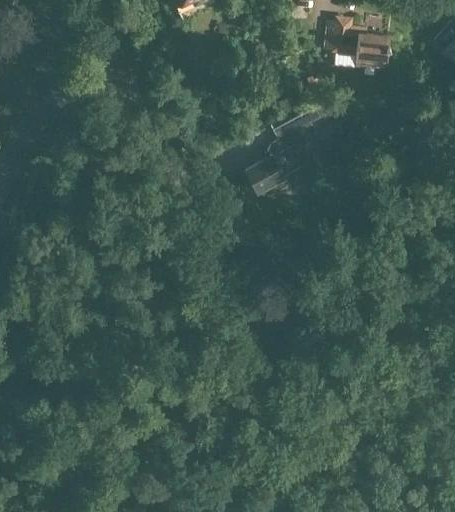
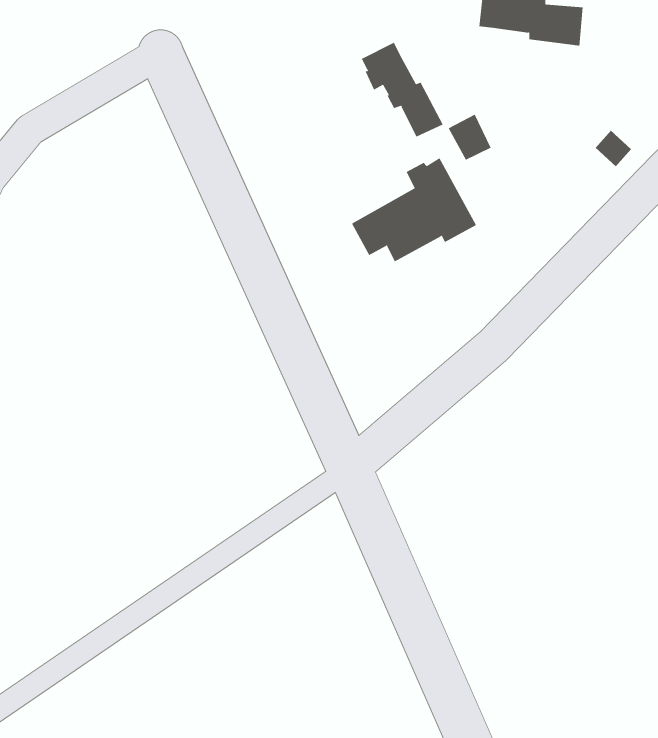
building: none -> [361,42,444,138]

